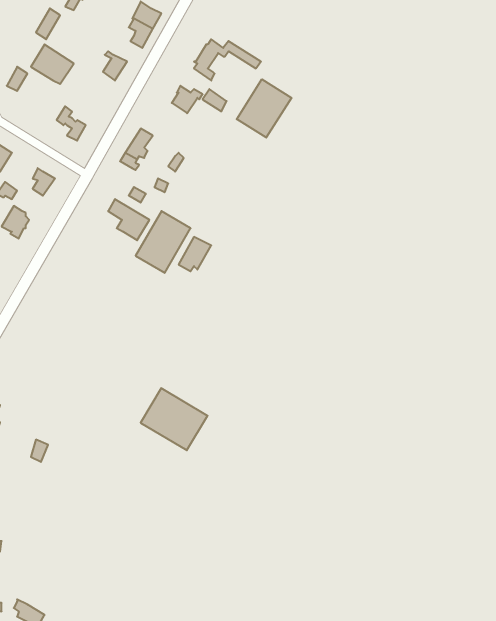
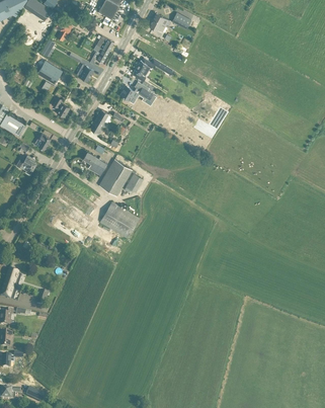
building: [237,79,291,138] -> none
building: [141,388,208,450] -> [99,201,139,238]

